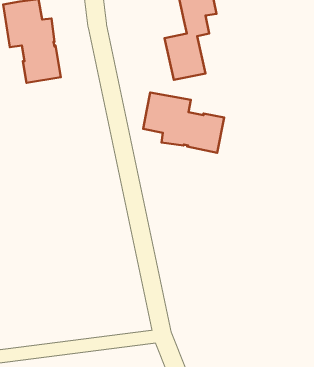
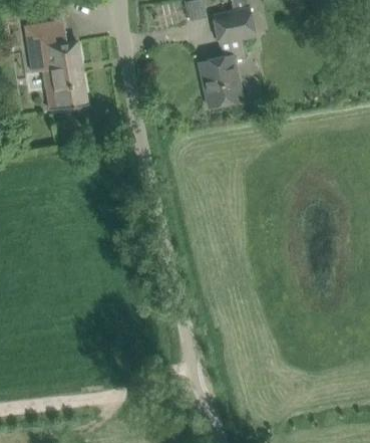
building: [143,92,224,153] -> none

